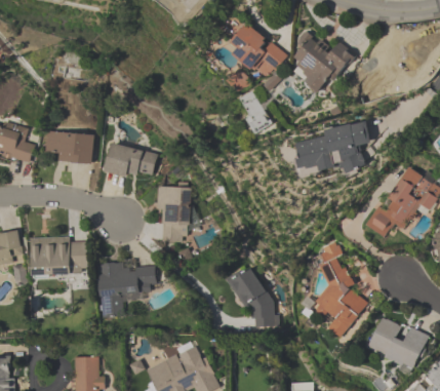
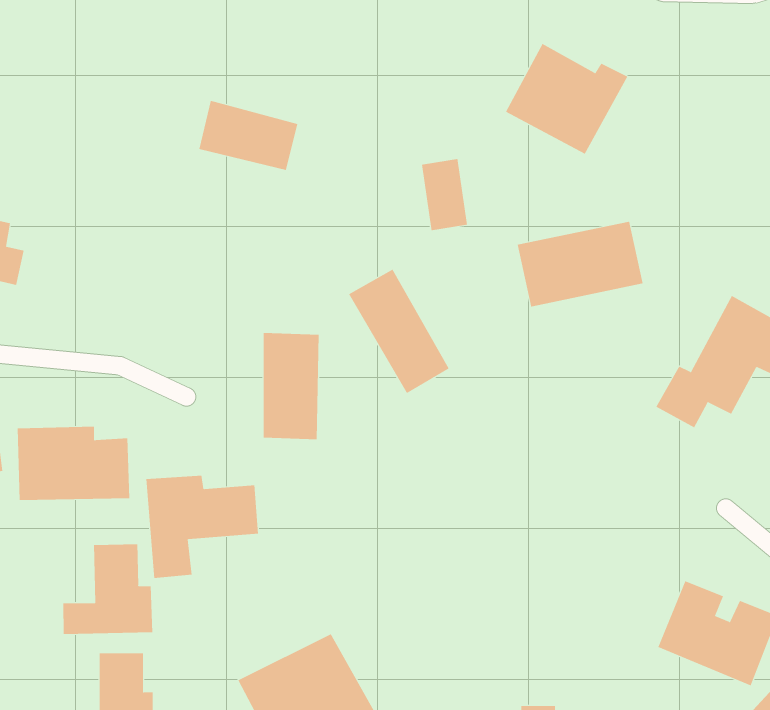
building: [227,23,286,81] -> none
building: [44,130,94,164] -> none
building: [104,143,156,180] -> [199,100,298,171]
building: [316,240,369,336] -> none
building: [227,265,280,330] -> [348,269,450,394]
building: none -> [63,543,153,635]

